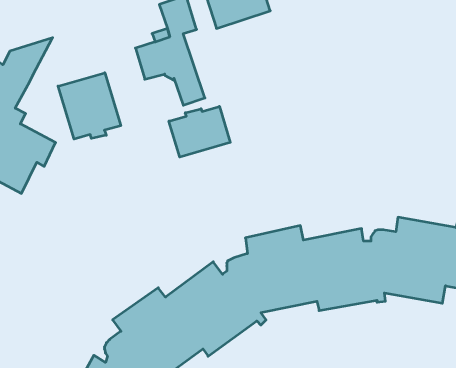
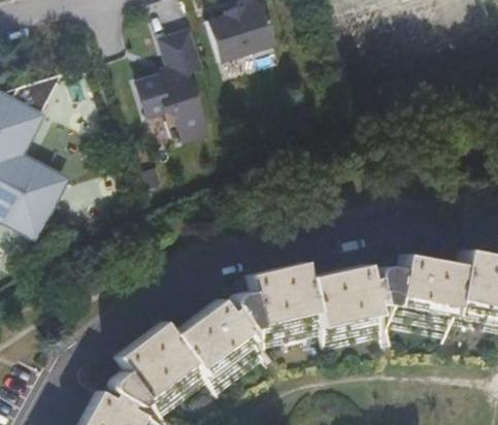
building: [58,73,121,139] -> none
building: [169,106,230,157] -> none

